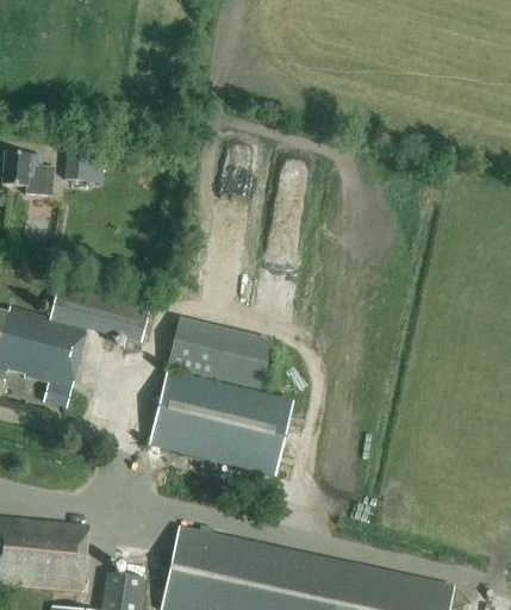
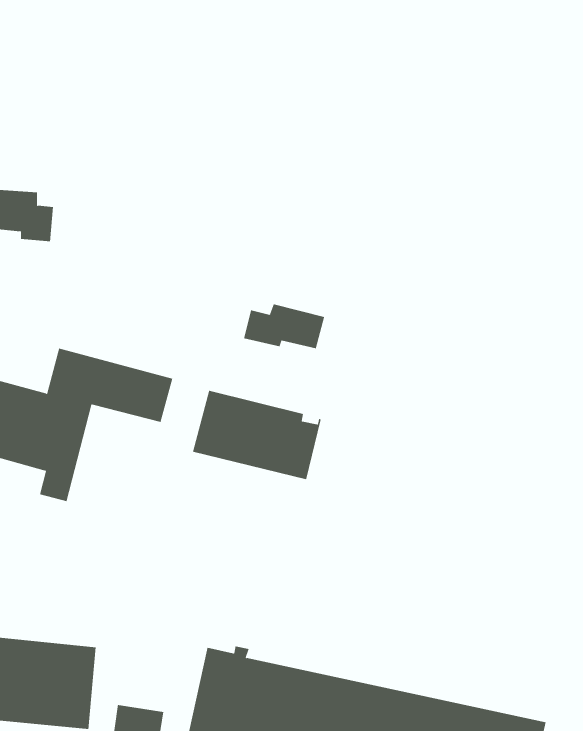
building: [64,149,105,182] -> none
building: none -> [244,303,325,349]
building: [148,369,294,477] -> none

